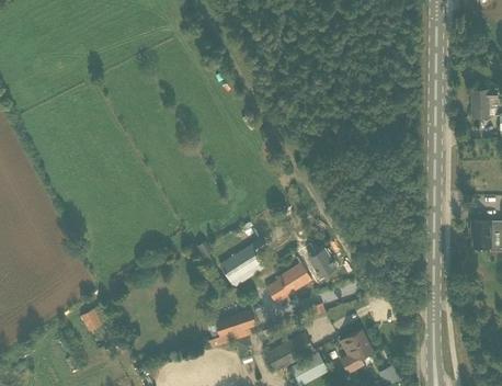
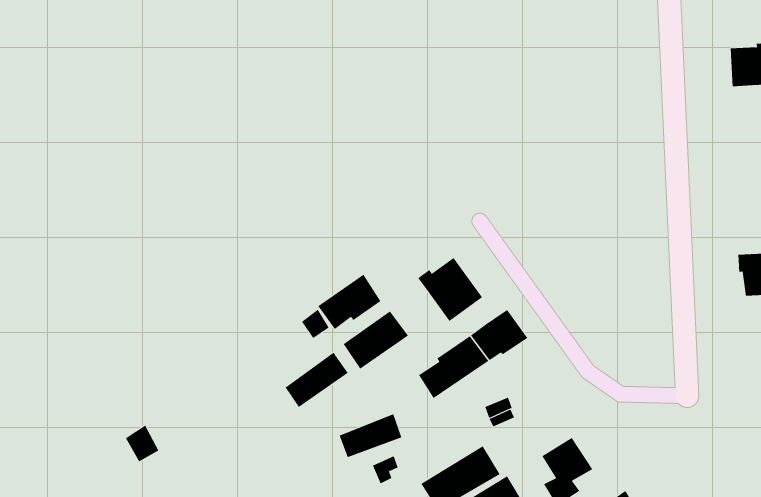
building: none -> [417,257,483,322]
building: none -> [317,274,381,330]
building: none -> [285,352,349,408]

